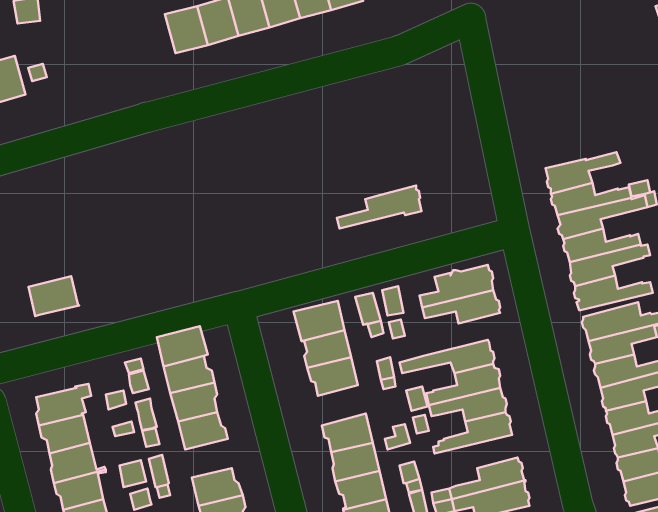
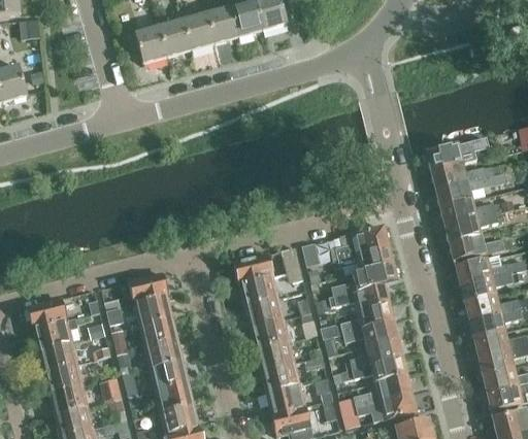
building: [337,186,421,229] -> [331,263,396,296]
building: [28,276,79,316] -> [27,298,66,329]
building: none -> [252,318,289,349]
building: none -> [332,357,406,382]
building: none -> [150,360,186,390]

